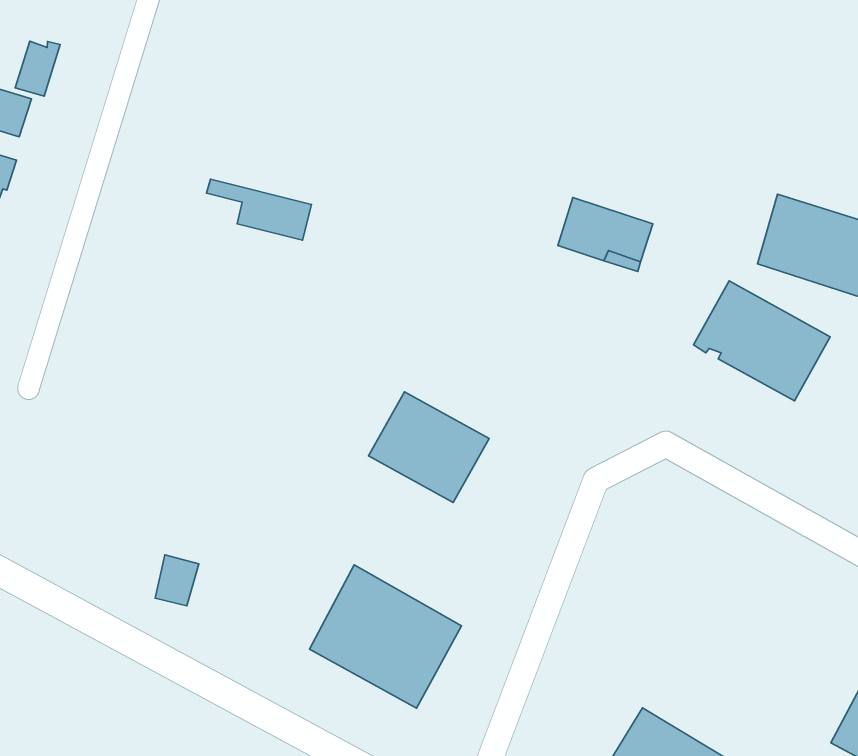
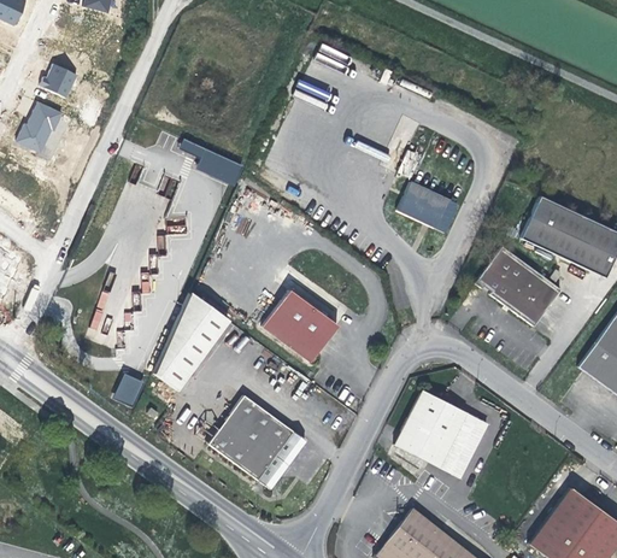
building: [15,41,60,96] -> none
building: none -> [153,292,229,390]
building: none -> [394,389,488,478]

